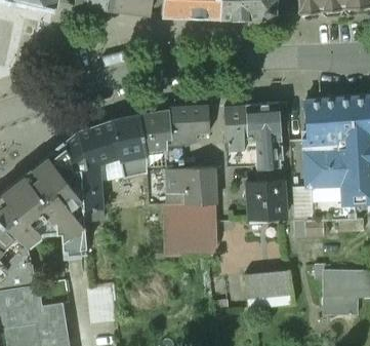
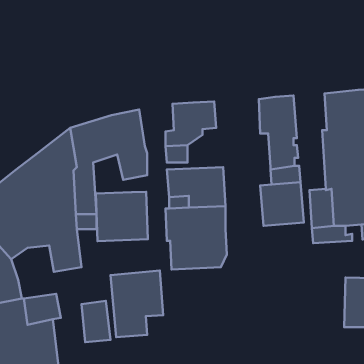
building: [225,107,257,167] -> none
building: [140,111,171,149] -> none
building: none -> [96,192,148,241]
building: none -> [111,270,163,337]
building: [247,267,294,304] -> none

